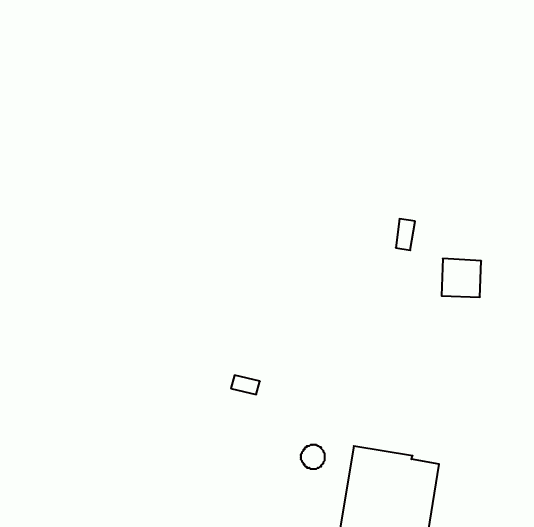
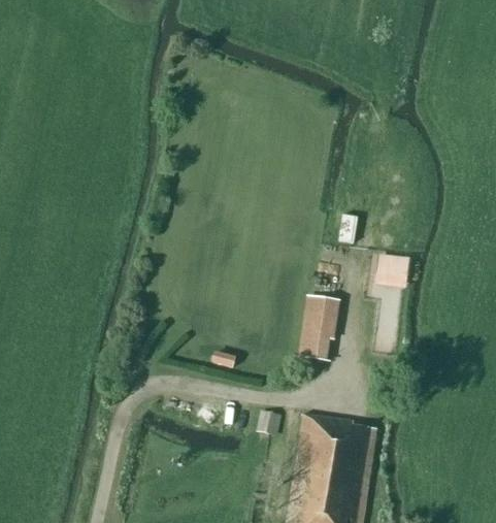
building: none -> [297,295,341,362]

